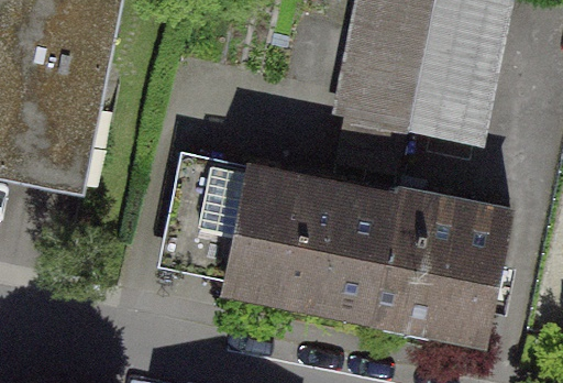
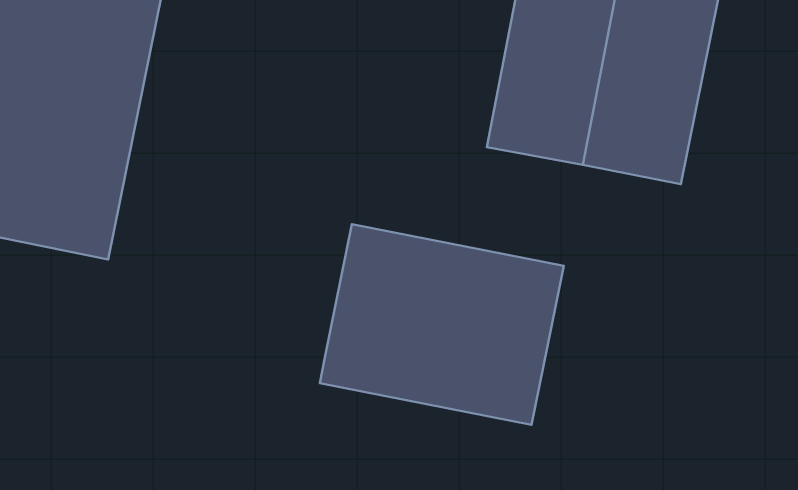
building: [165,158,249,264] -> none
building: [372,190,507,333] -> none

